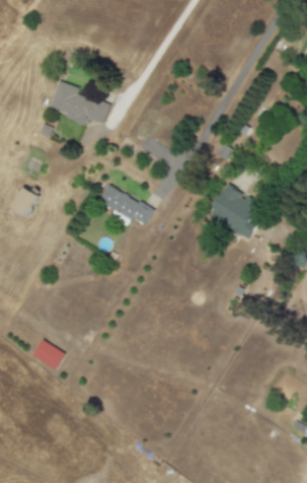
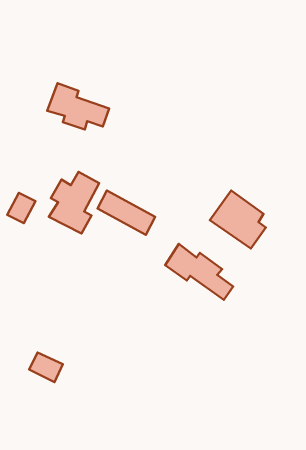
building: none -> [49,172,99,234]
building: none -> [165,244,233,300]

